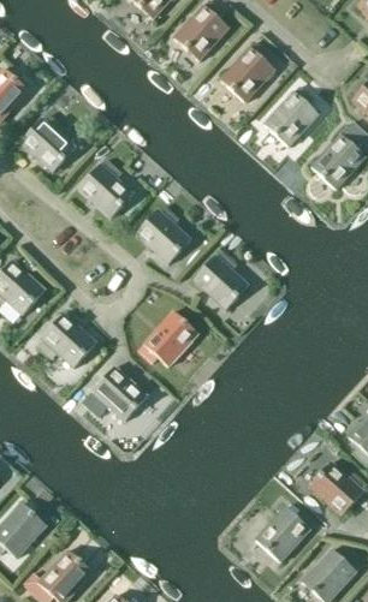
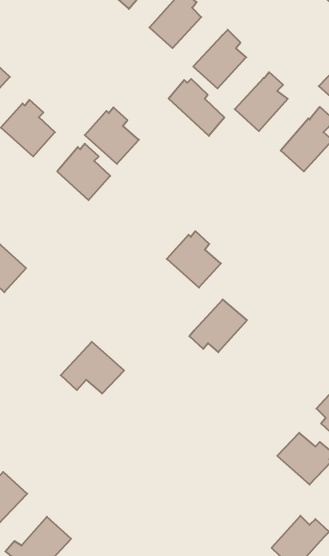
building: none -> [169,79,224,136]
building: [133,205,190,264] -> [85,107,139,164]
building: [137,311,197,366] -> [189,299,247,352]
building: [36,312,95,368] -> none
building: [254,506,314,561] -> none

